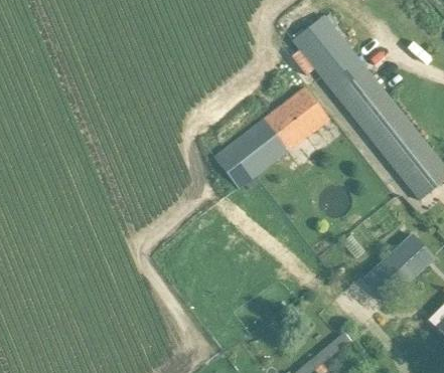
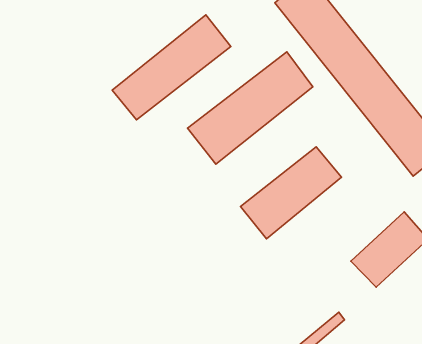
building: none -> [112,15,231,120]
building: none -> [241,147,342,239]

